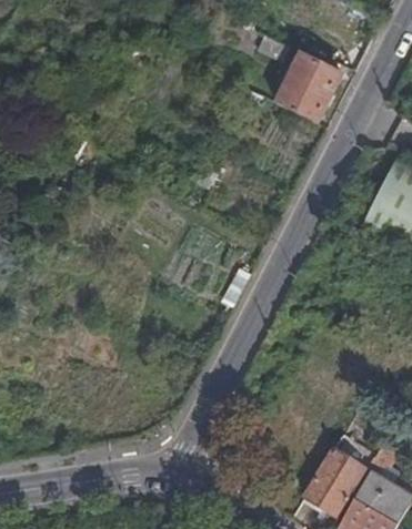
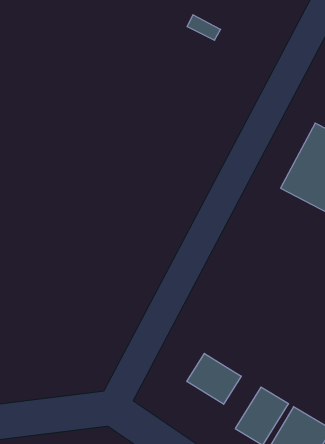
building: [277,52,341,119] -> none
building: none -> [187,353,241,404]

